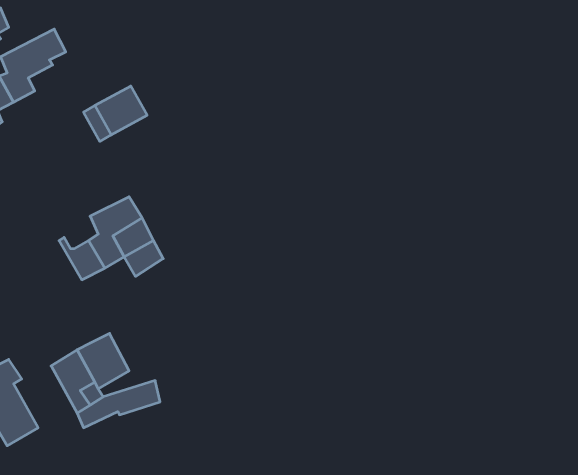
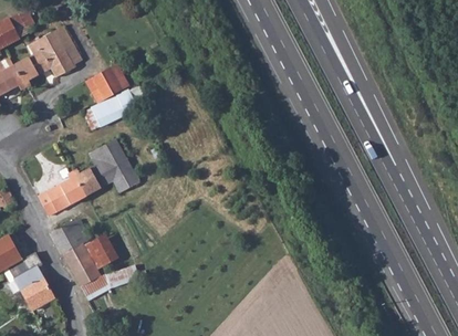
building: none -> [48,41,83,77]
building: none -> [100,91,137,124]
building: none -> [39,169,84,216]
building: none -> [52,220,90,254]

